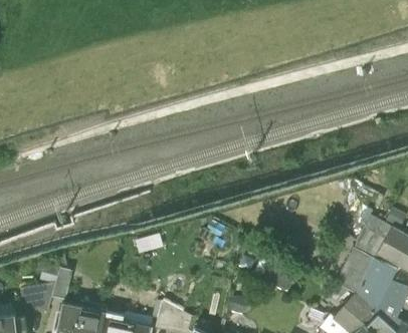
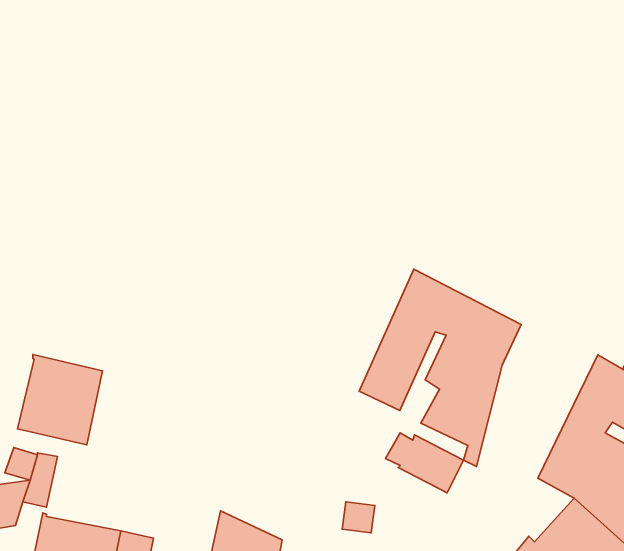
building: none -> [359,269,521,467]
building: none -> [17,355,102,445]

